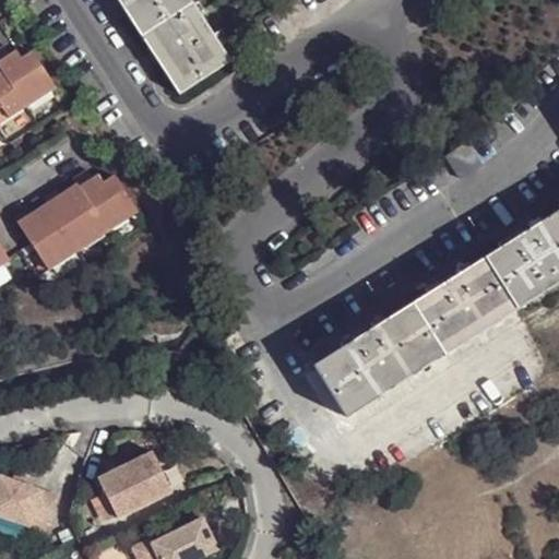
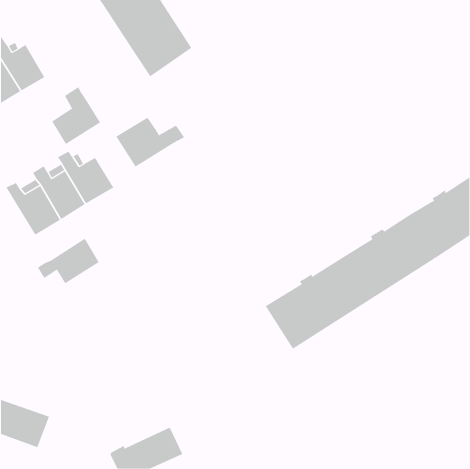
building: none -> [51,86,101,145]
building: none -> [116,117,185,168]
building: none -> [37,238,100,284]
building: [102,445,171,509] -> none

